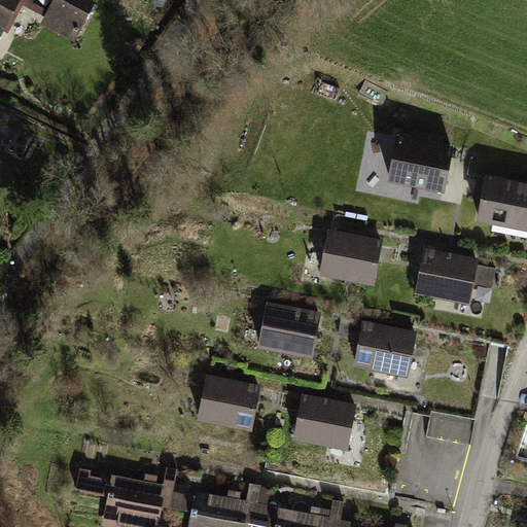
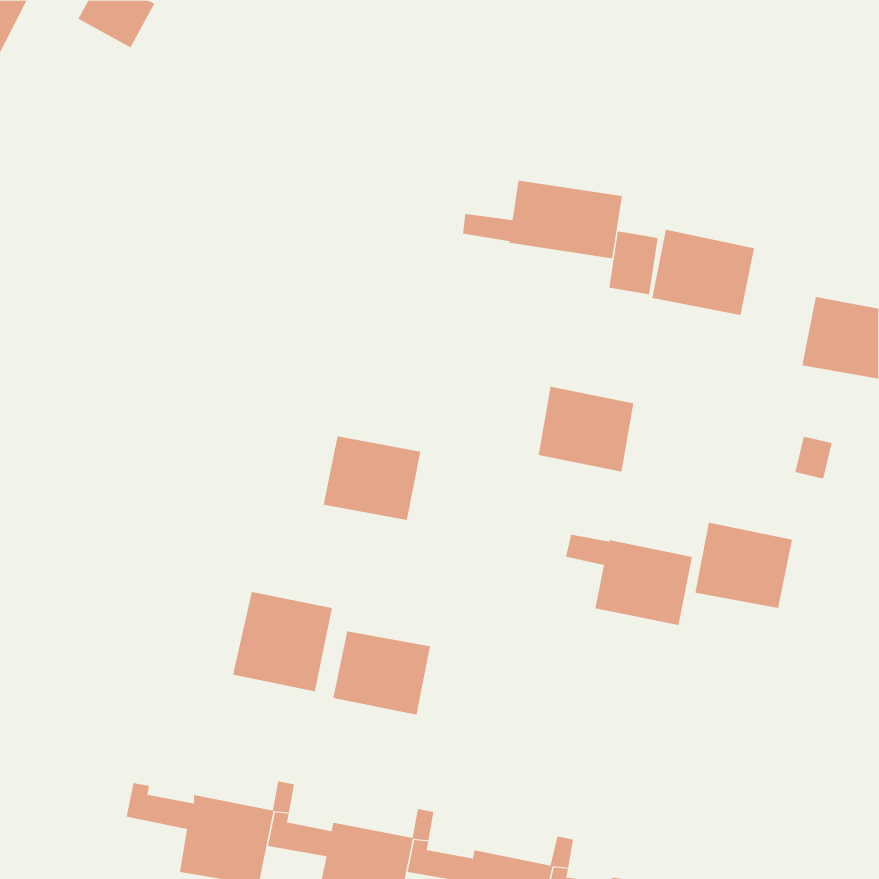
building: none -> [462,180,623,259]
building: [417,250,476,302] -> [695,522,793,608]
building: [259,305,318,355] -> [323,436,421,520]
building: none -> [232,591,332,692]
building: [294,396,353,448] -> none

